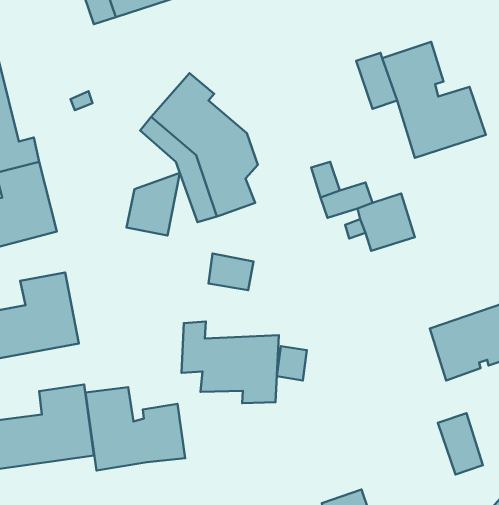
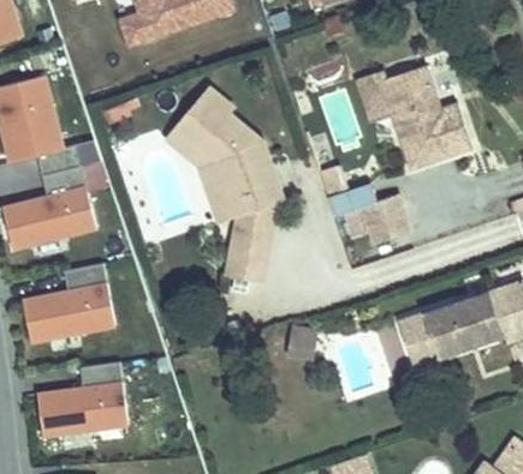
building: [126,173,180,236] -> [232,199,279,254]
building: [181,321,279,403] -> none
building: [85,387,185,470] -> none
building: [438,413,483,475] -> [398,313,438,367]

